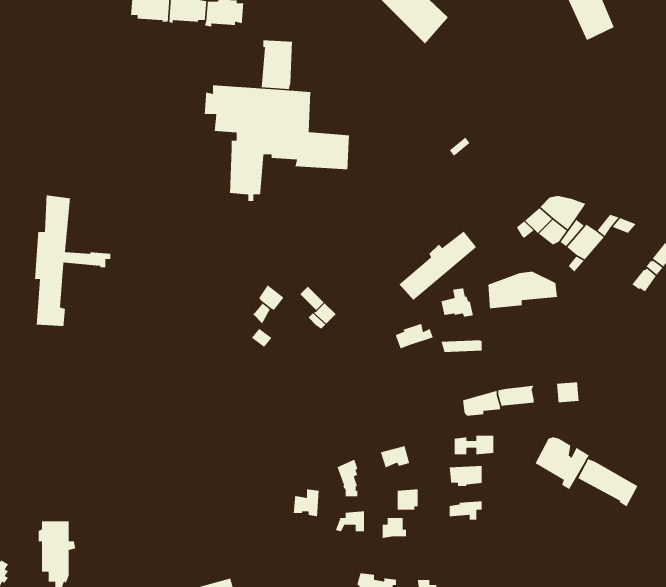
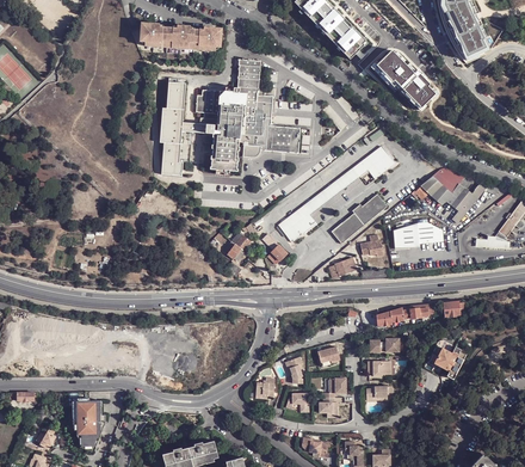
building: none -> [372,50,431,110]
building: none -> [278,146,395,242]
building: [34,194,111,327] -> [161,82,216,177]
building: [577,458,639,507] -> none

